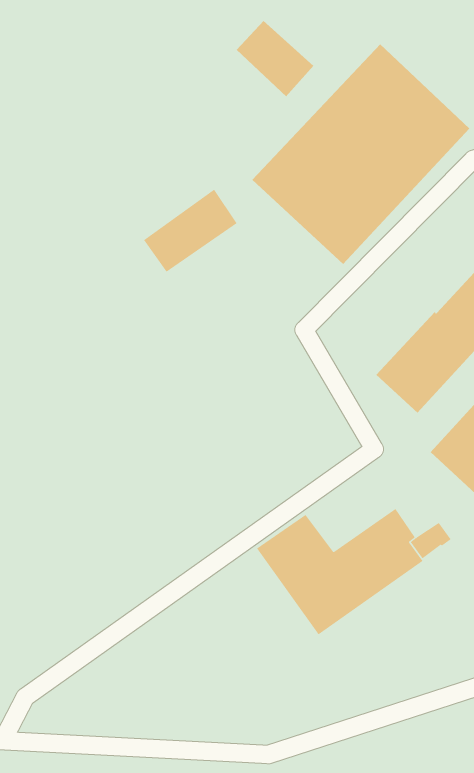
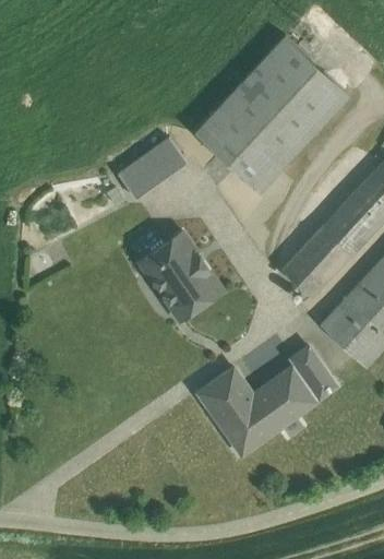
building: [236,20,314,97] -> none
building: none -> [139,231,223,320]
building: none -> [291,346,326,384]

